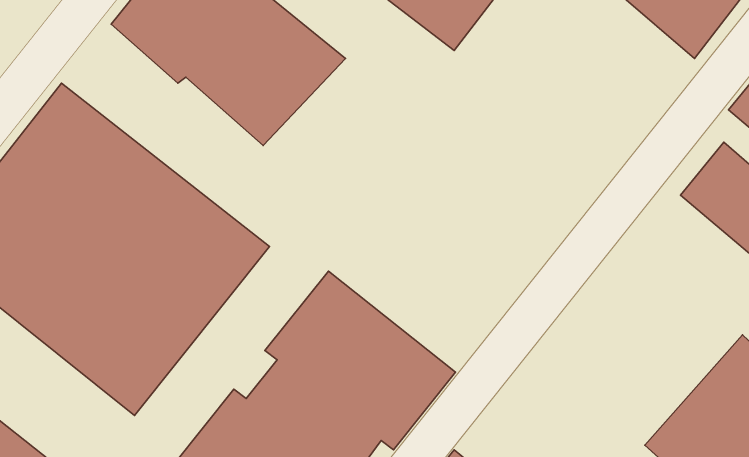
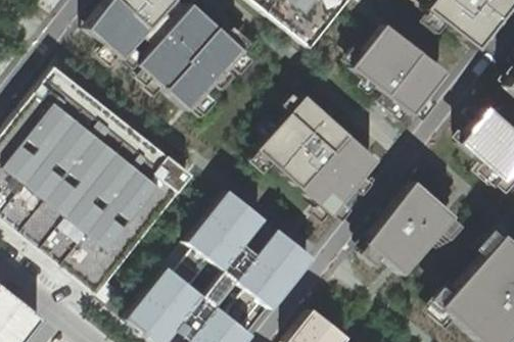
building: none -> [343,22,446,120]
building: none -> [260,97,381,216]
building: none -> [366,180,456,275]

